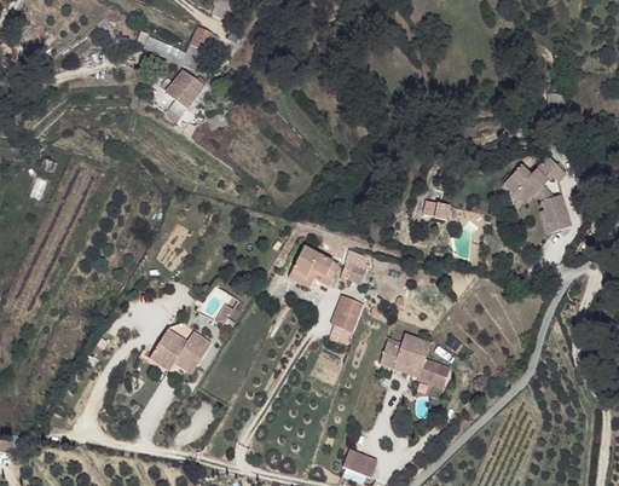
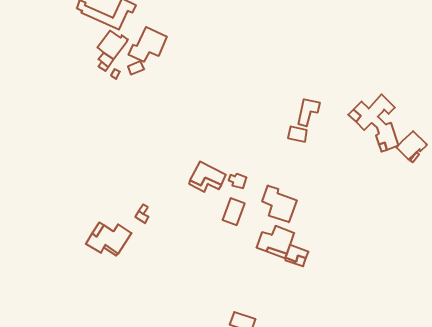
building: none -> [129,27,167,62]
building: none -> [299,99,320,126]
building: none -> [396,131,427,160]
building: none -> [262,185,297,222]

